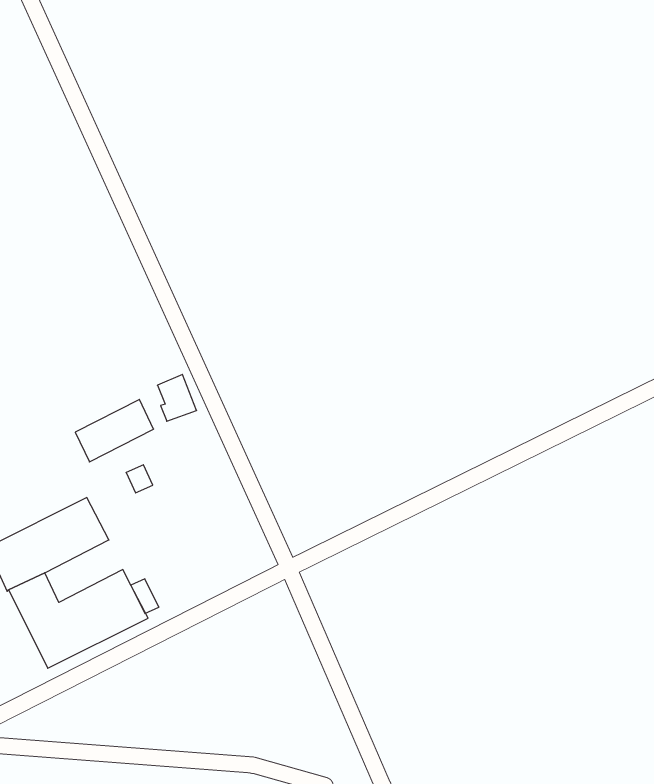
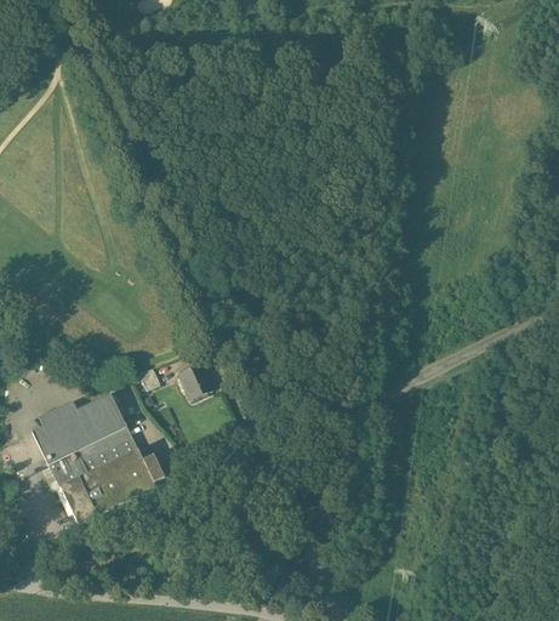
building: [157,374,197,421] -> [178,361,209,398]
building: [75,399,154,462] -> [75,423,136,472]

